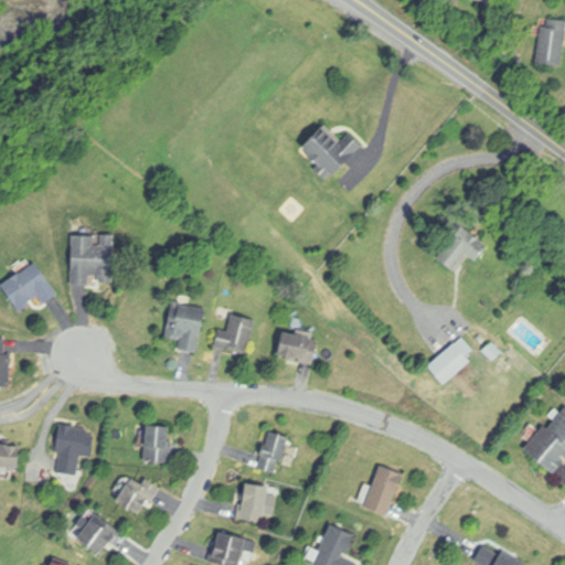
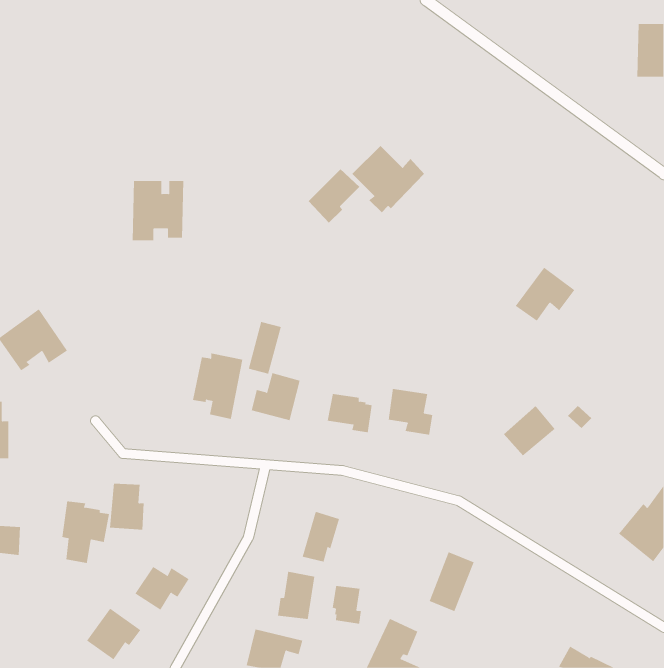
building: none -> [308,169,360,223]
building: [67,235,111,286] -> [132,181,184,241]
building: none -> [248,321,281,374]
building: none -> [388,388,433,435]
building: [140,425,170,465] -> [109,483,145,530]
building: none -> [332,585,362,625]

